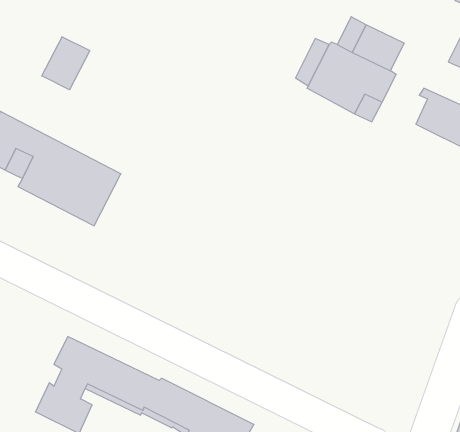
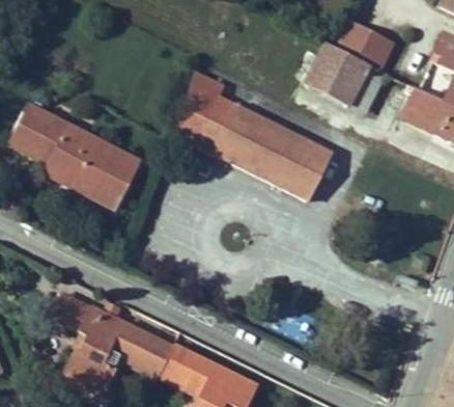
building: [42,37,90,90] -> none
building: none -> [174,70,332,199]

